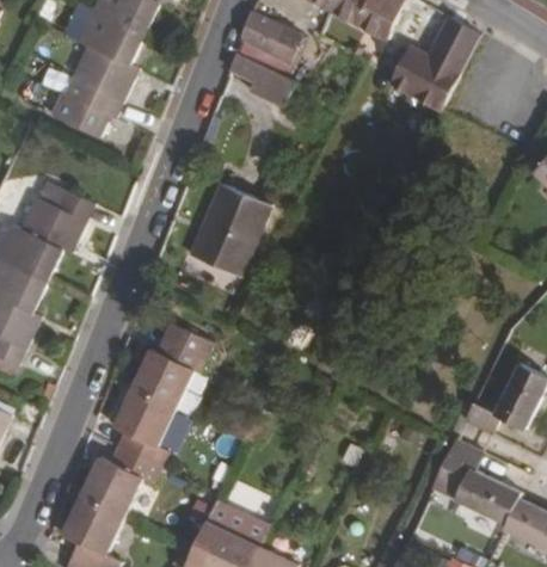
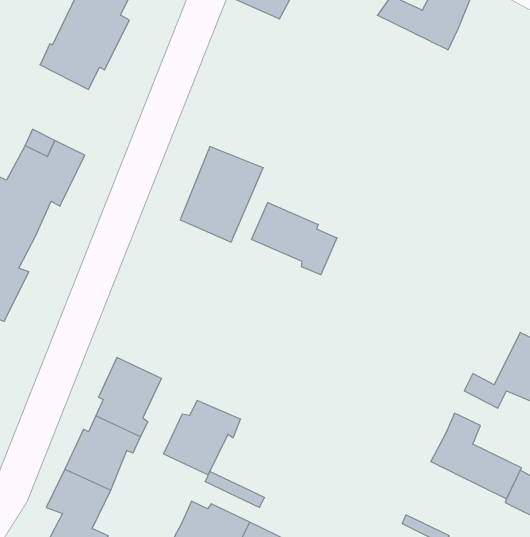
building: [226,55,293,110] -> none
building: none -> [252,203,337,275]
building: [129,338,203,409] -> [164,401,241,475]

